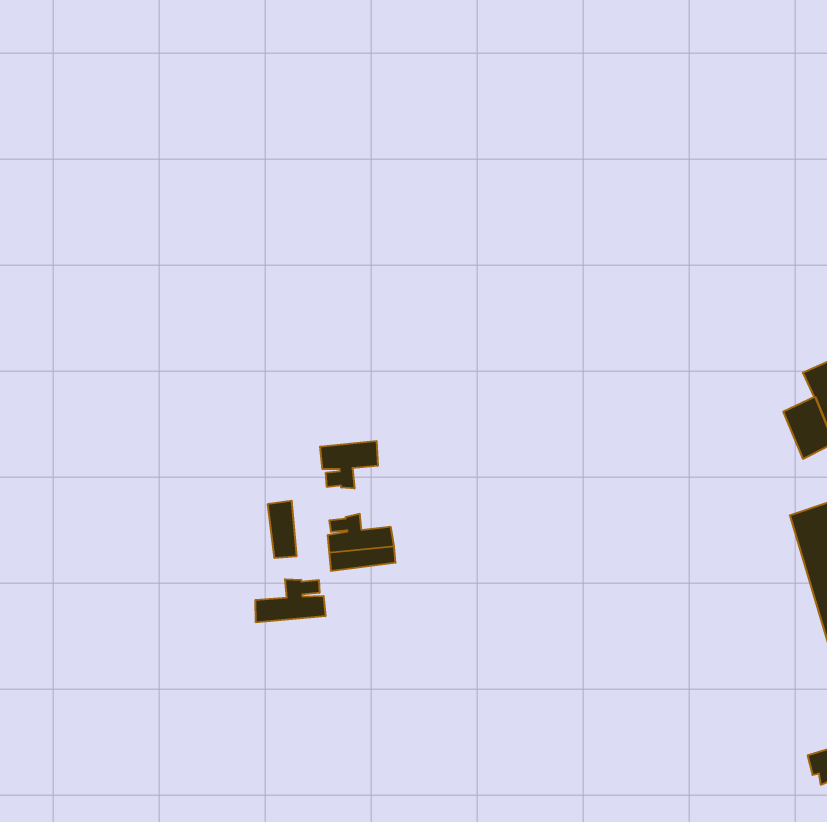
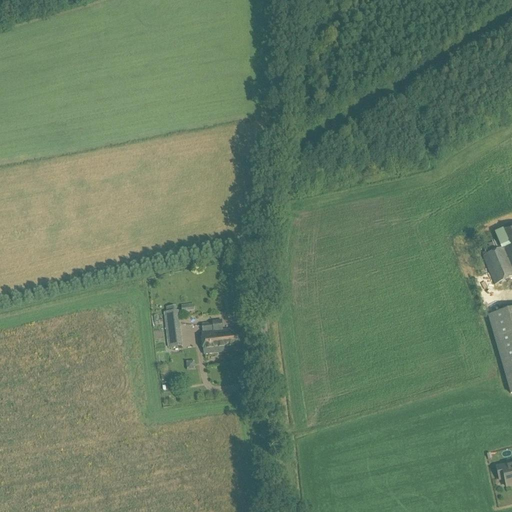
building: [320,441,378,489] -> none
building: [255,579,325,622] -> none

